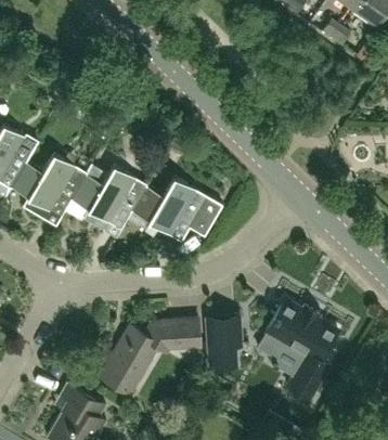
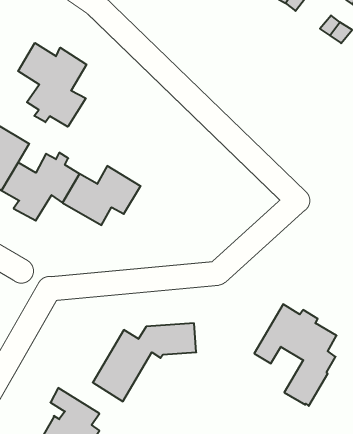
building: none -> [18,43,86,127]
building: [130,179,222,236] -> none
building: [207,316,243,365] -> none

